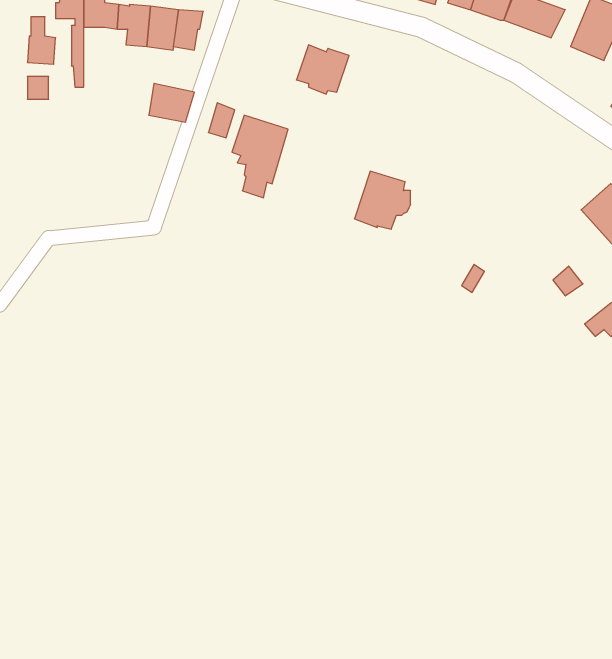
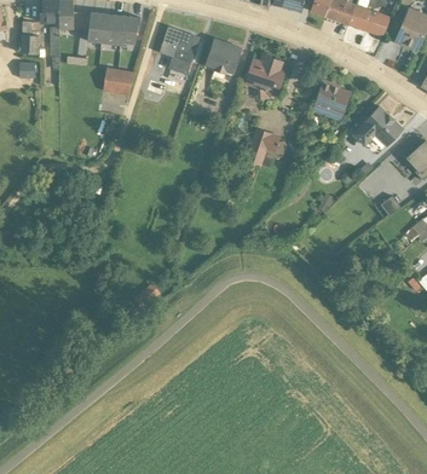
building: none -> [244,53,285,100]
building: none -> [312,77,351,120]
building: [232,115,288,198] -> [161,27,200,83]
building: none -> [352,105,403,145]

